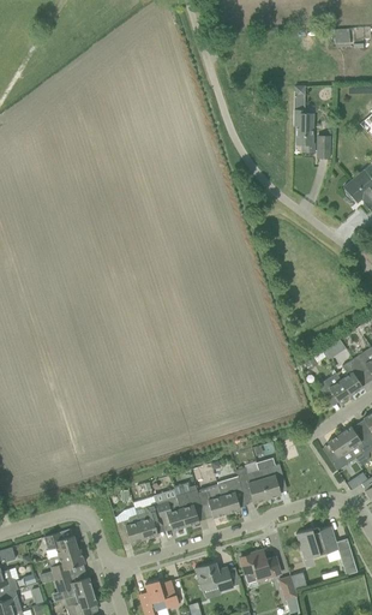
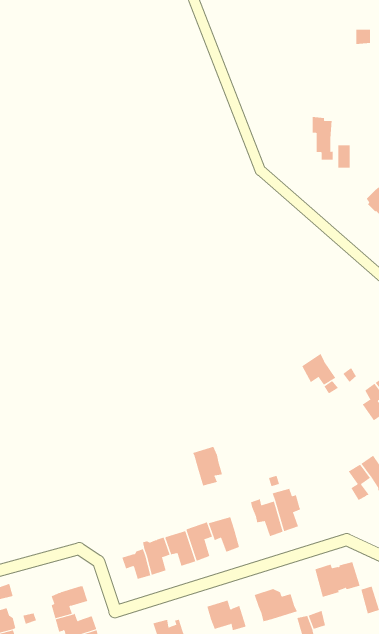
building: [319,372,352,402] -> [302,353,336,385]
building: [217,476,246,513] -> [192,446,223,486]
building: [44,532,78,559] -> none

